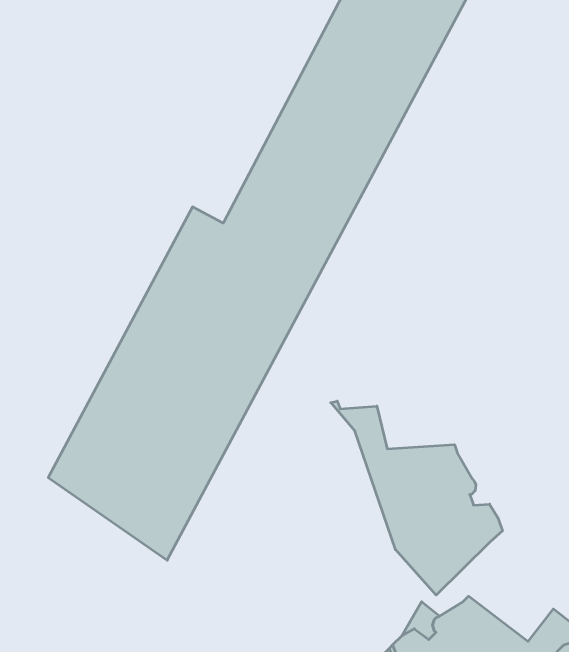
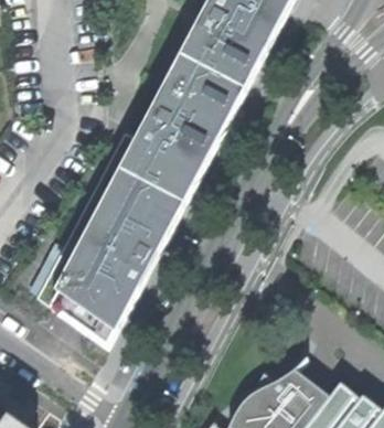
building: [331,401,502,595] -> none

